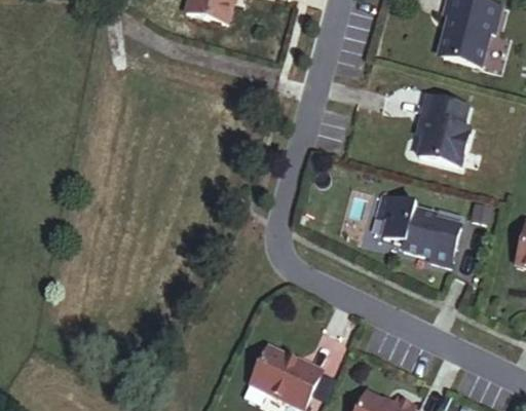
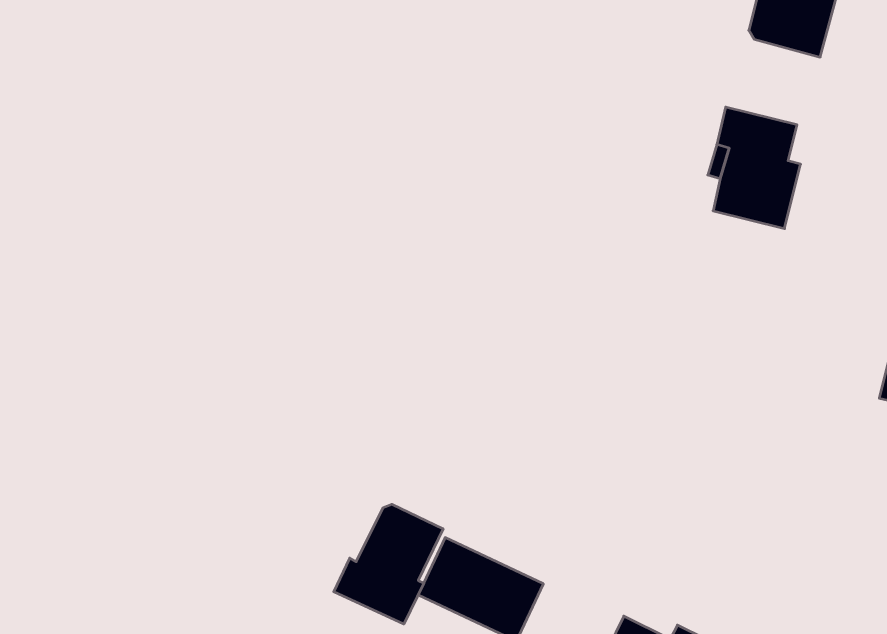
building: [379,196,462,267] -> none
building: none -> [334,504,443,624]

